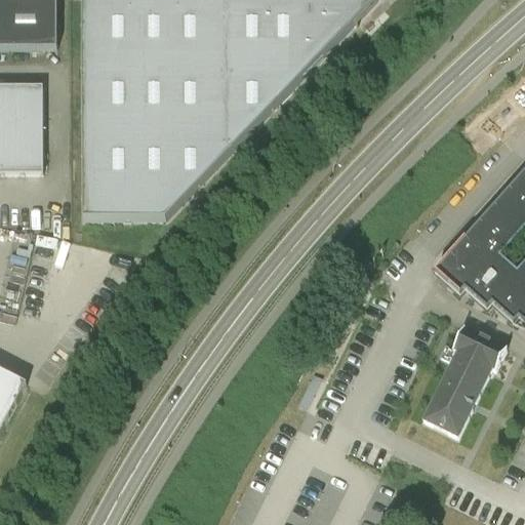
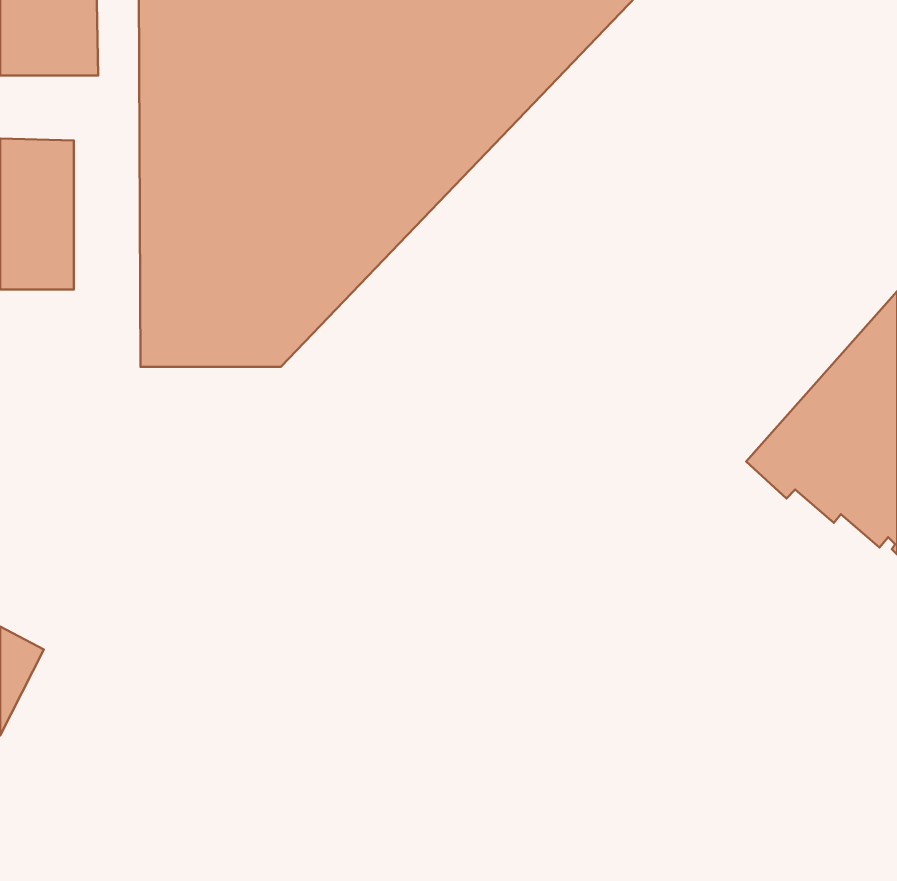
building: [422,323,507,434] -> none

